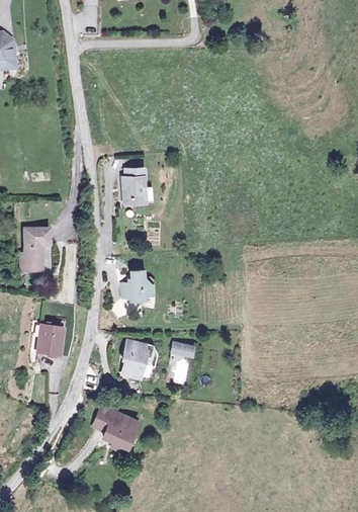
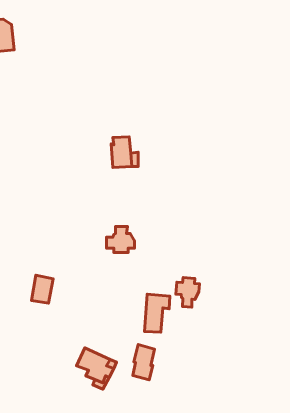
building: [21,231,50,271] -> none
building: none -> [176,278,200,307]
building: [119,338,144,377] -> [133,345,155,380]

